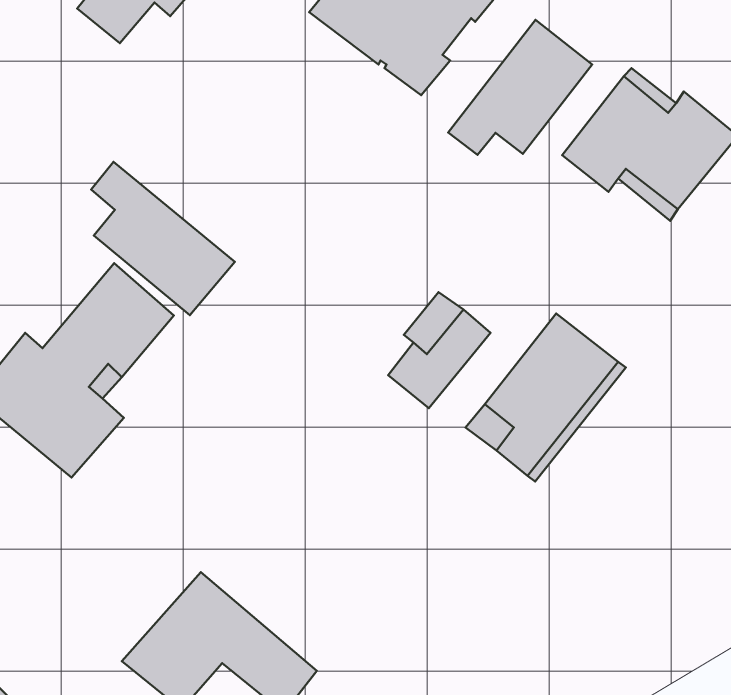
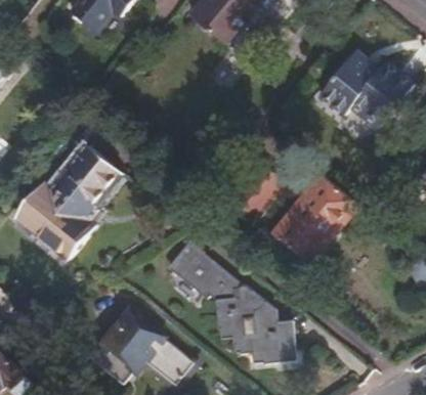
building: [448,20,592,155] -> none
building: [91,162,235,315] -> none
building: none -> [165,239,291,362]

